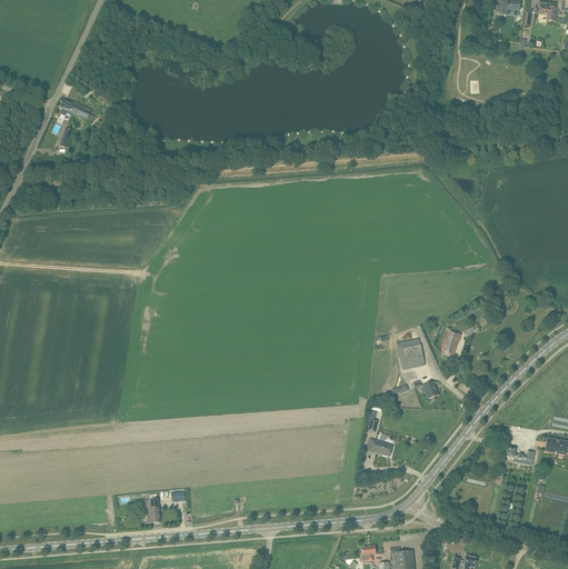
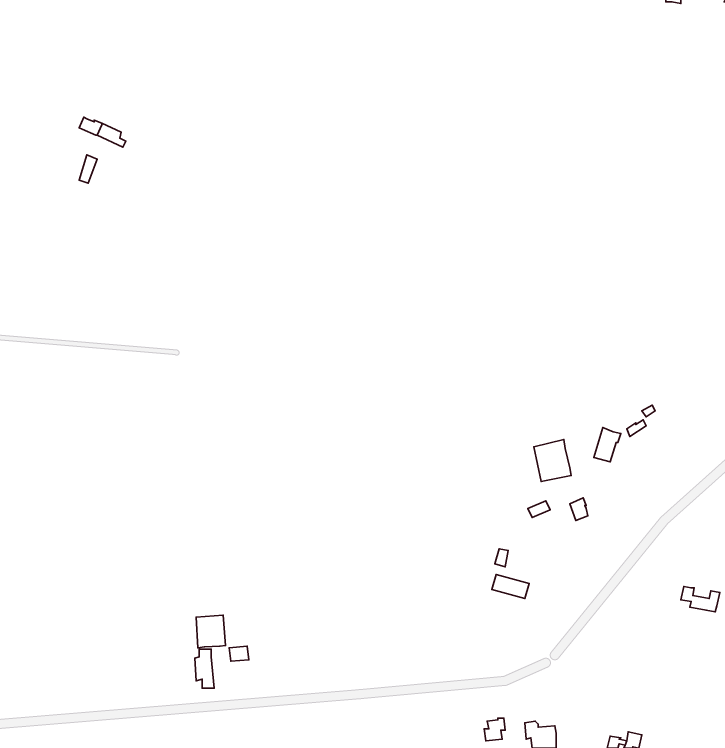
building: none -> [196,615,226,648]

